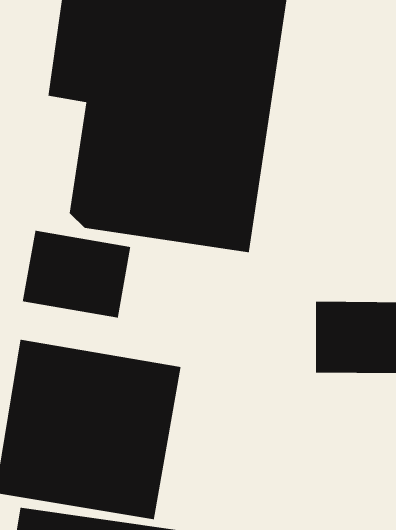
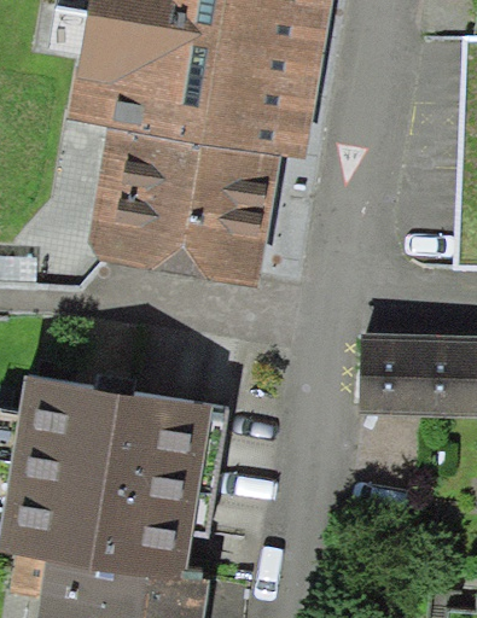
building: [22,230,131,318] -> none

